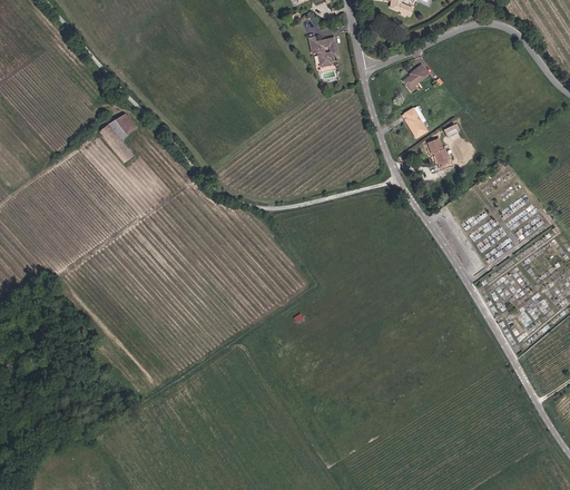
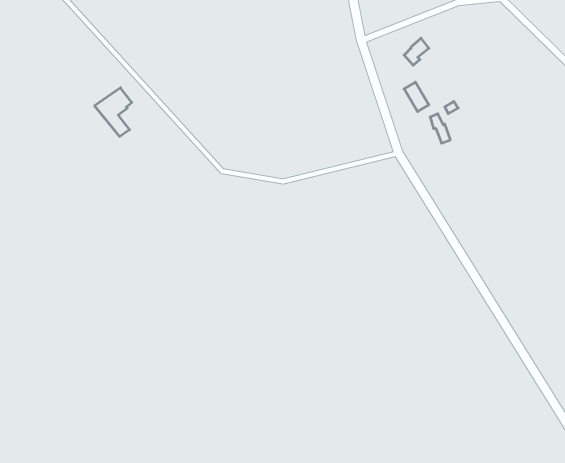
building: [309,33,338,62] -> none

